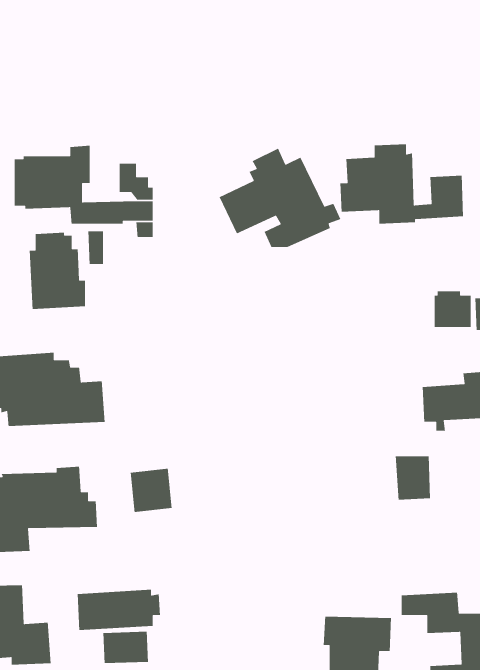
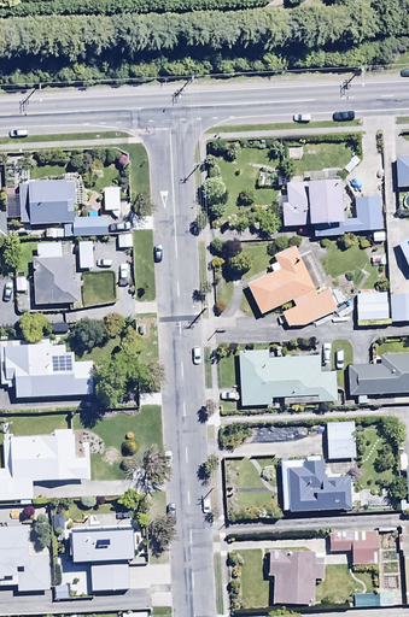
building: [218,147,341,248] -> [247,243,346,324]
building: none -> [239,348,345,407]
building: [130,468,172,513] -> none
building: none -> [281,454,352,510]

